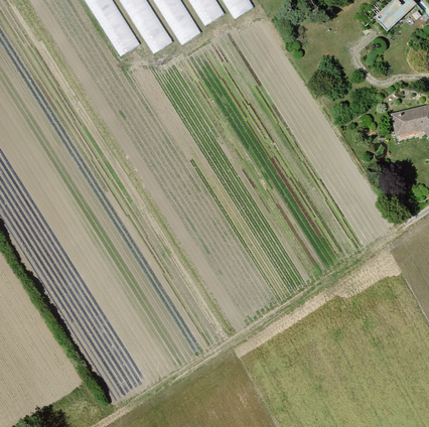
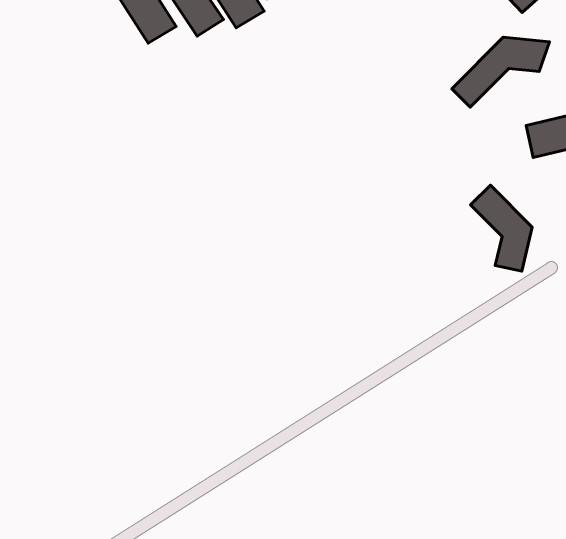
building: none -> [452,37,549,107]
building: none -> [471,185,532,271]

